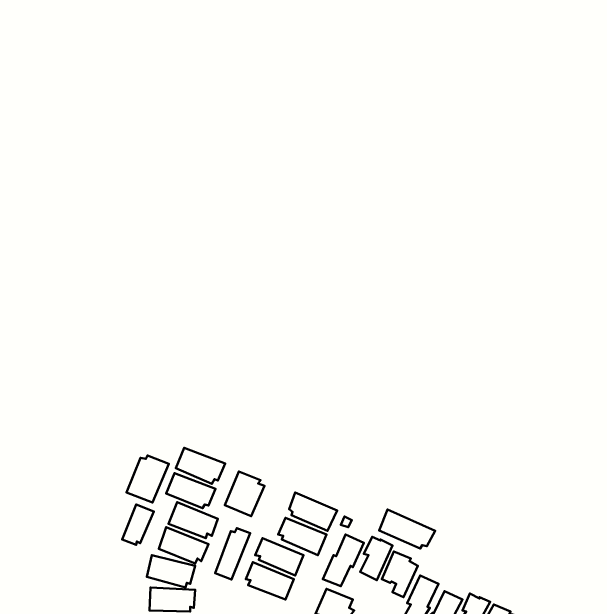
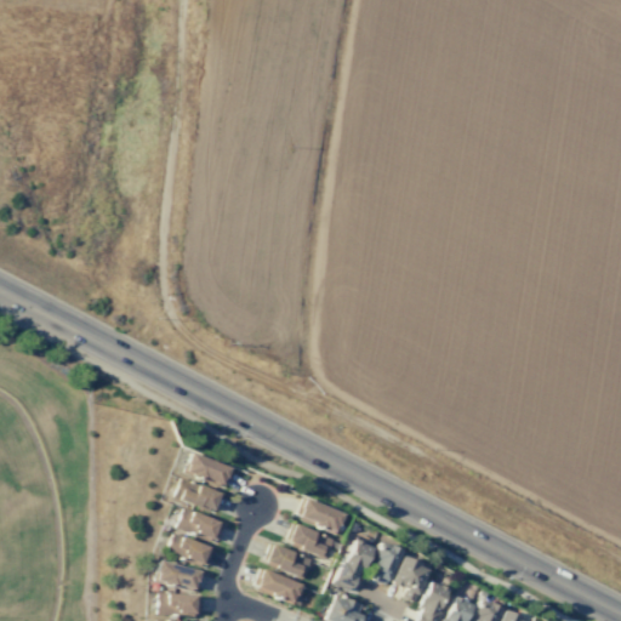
building: [127,456,169,503] -> none
building: [225,471,265,516] -> none
building: [122,504,154,545] -> none
building: [379,510,435,548] -> none
building: [215,528,250,580] -> none

